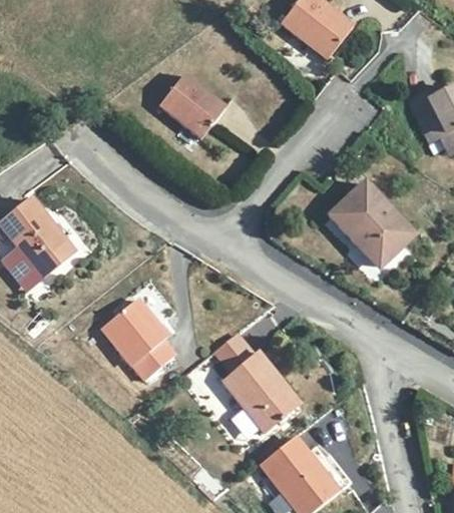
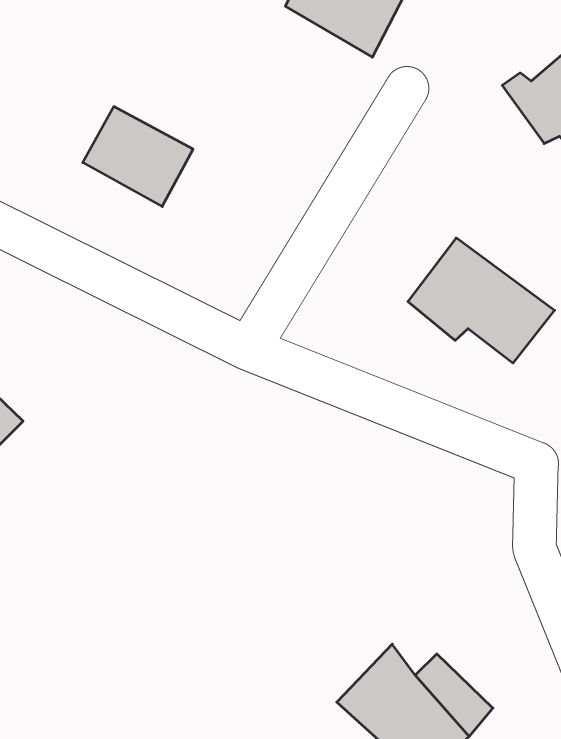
building: [101,289,175,372] -> none
building: [220,344,298,422] -> none

